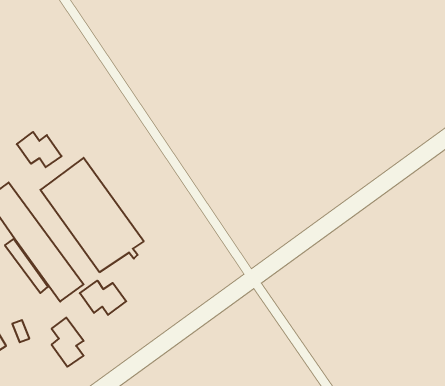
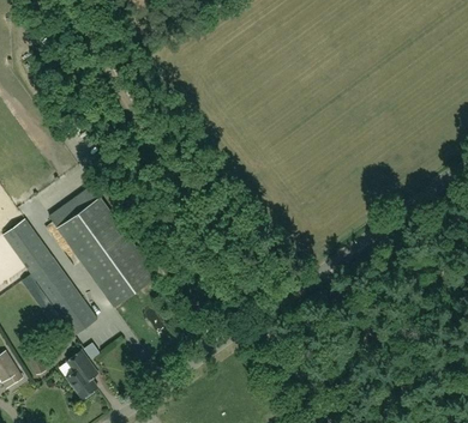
building: [17,132,62,167] -> none
building: [80,281,126,315] -> none

